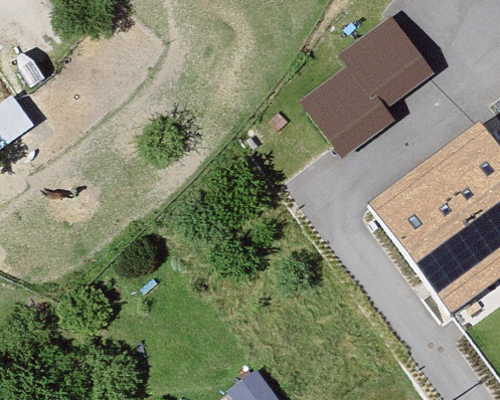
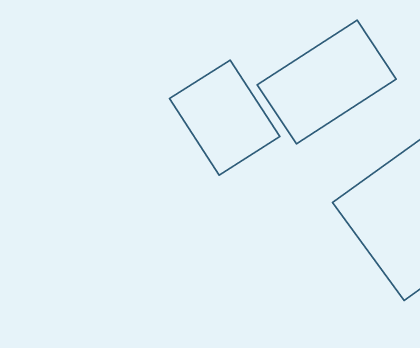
building: none -> [170,60,280,175]

